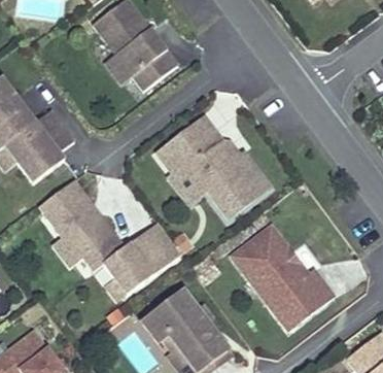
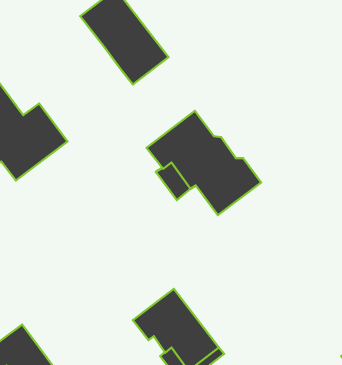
building: [37,179,180,294] -> none
building: [230,225,333,330] -> none

